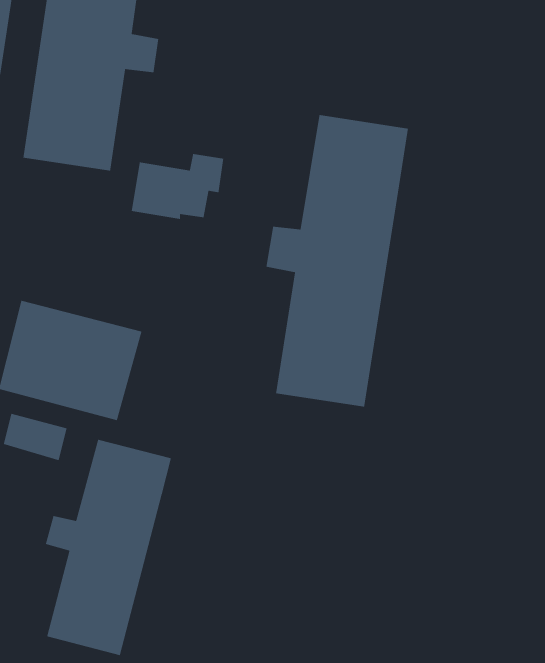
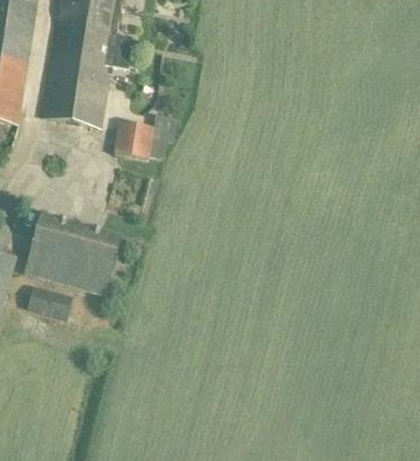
building: [266,114,409,408] -> none
building: [45,439,172,656] -> none

